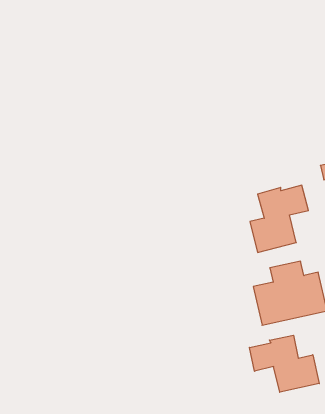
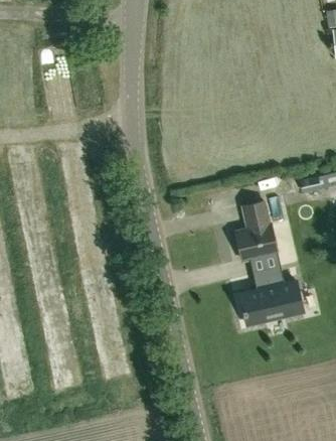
building: [249,335,319,392] -> none

